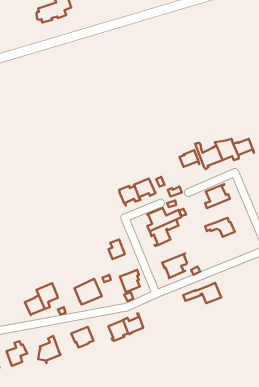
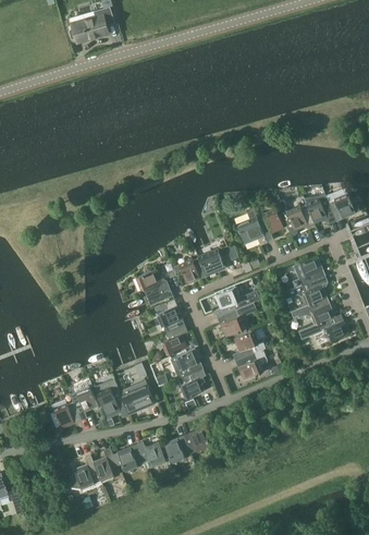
building: none -> [237,209,267,244]
building: none -> [139,269,173,305]
building: none -> [281,275,328,305]
building: none -> [157,305,185,332]
building: none -> [232,329,266,358]
building: none -> [172,348,200,377]
building: none -> [95,377,126,416]
building: [183,283,221,303] -> [298,314,348,341]
building: none -> [137,441,171,469]
building: [6,341,27,366] -> [94,448,121,481]

